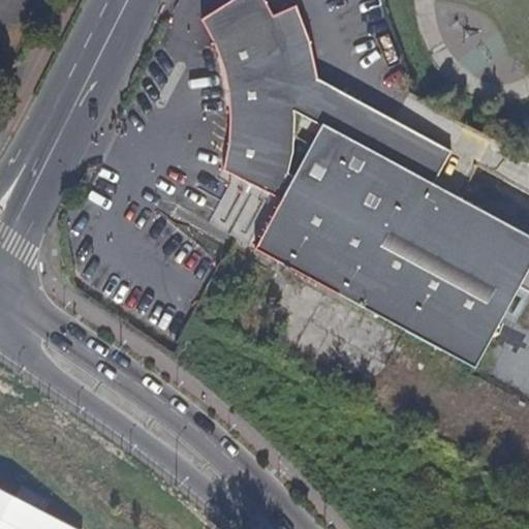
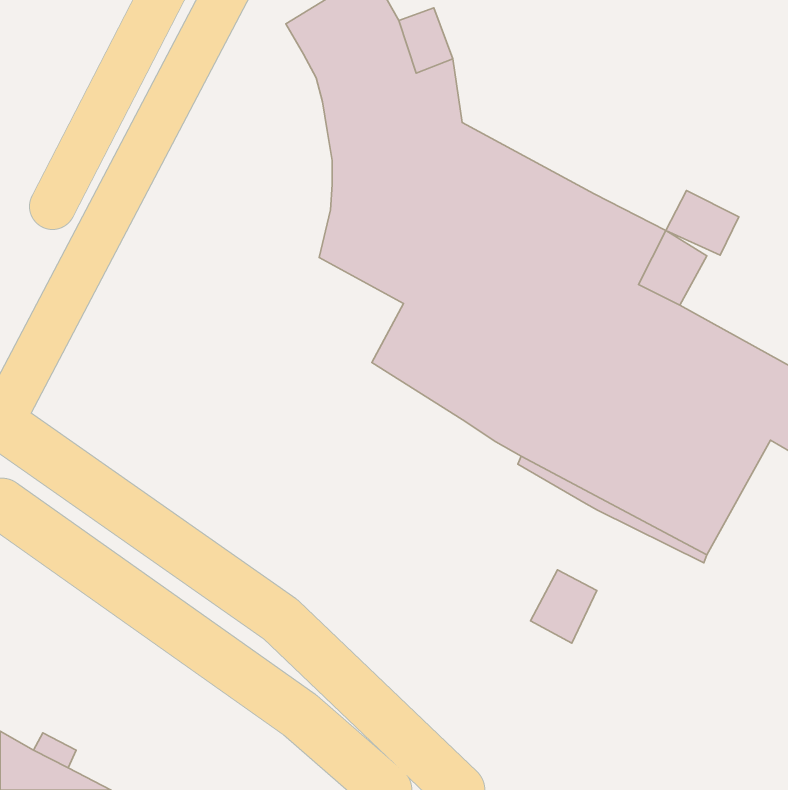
building: none -> [666,190,739,255]
building: none -> [531,570,597,643]

